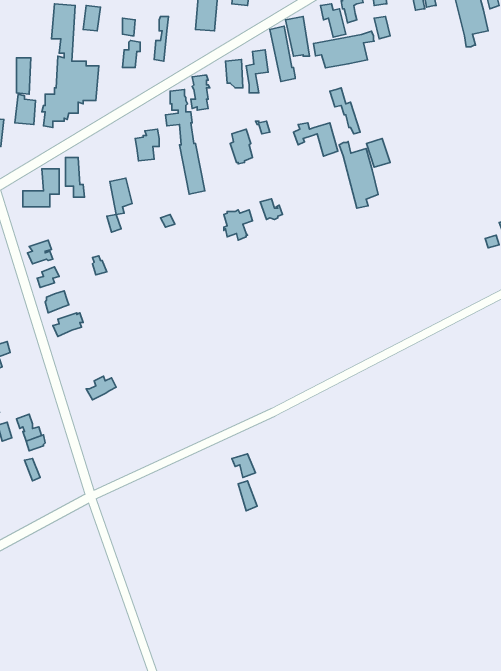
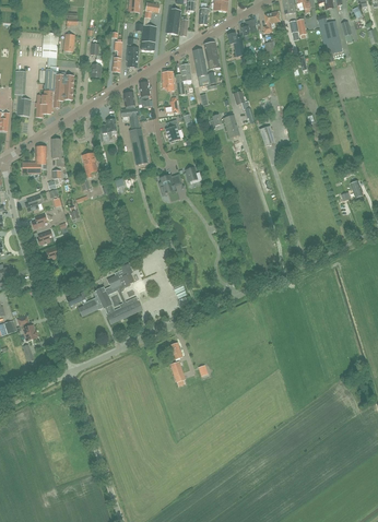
building: [314,31,374,68] -> none
building: [339,142,378,208] -> none
building: none -> [79,263,142,323]

